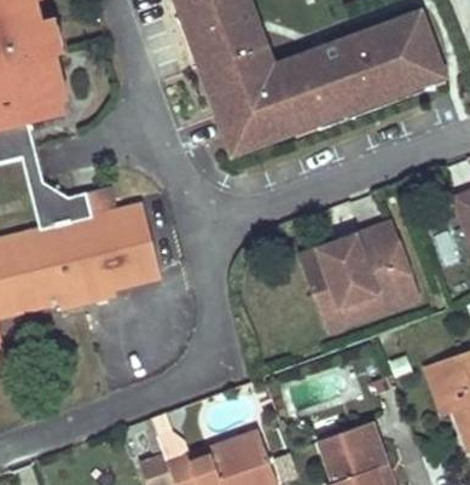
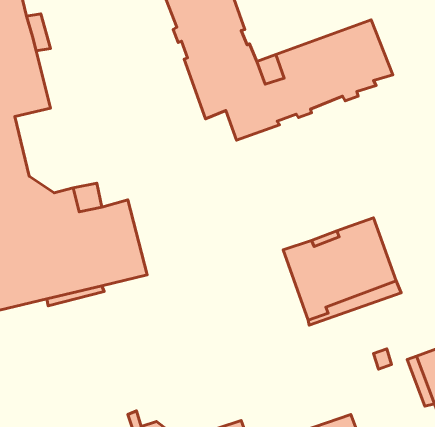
building: [389,10,442,77] -> none

